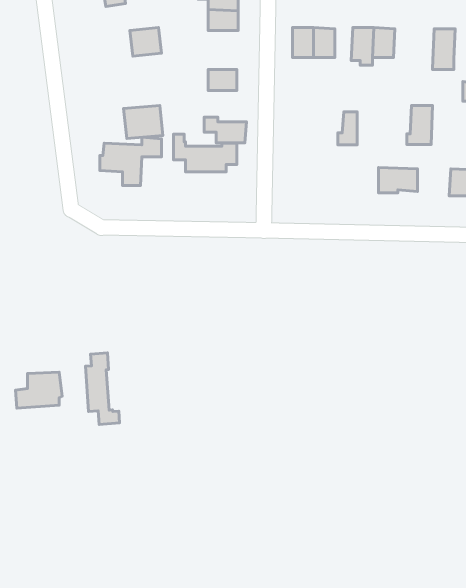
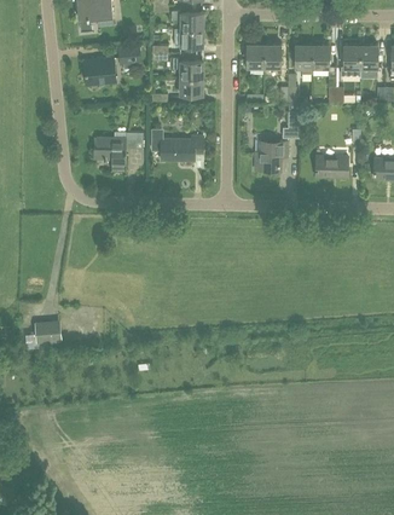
building: [407,105,433,144] -> [340,44,360,75]
building: [124,105,163,139] -> [83,57,115,83]
building: [204,117,246,143] -> [169,56,203,76]
building: none -> [254,140,286,169]
building: [85,353,120,424] -> none

